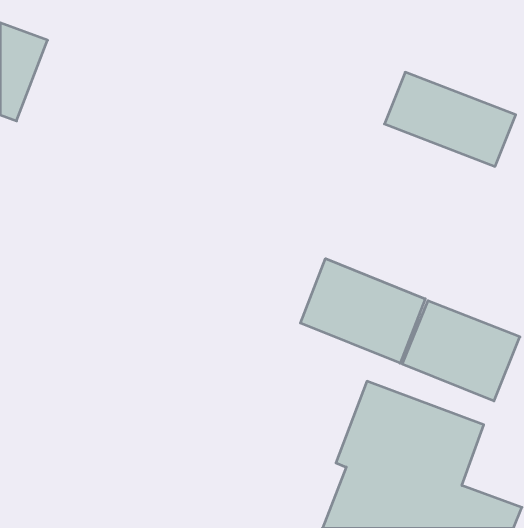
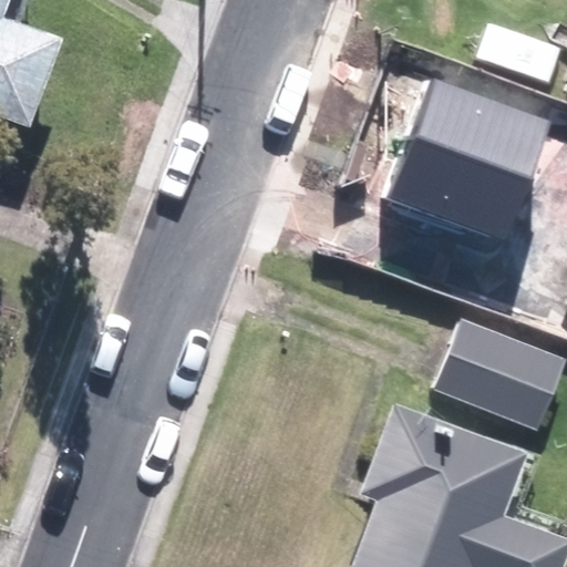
building: none -> [392,133,535,241]
building: [300,259,425,363] -> none

